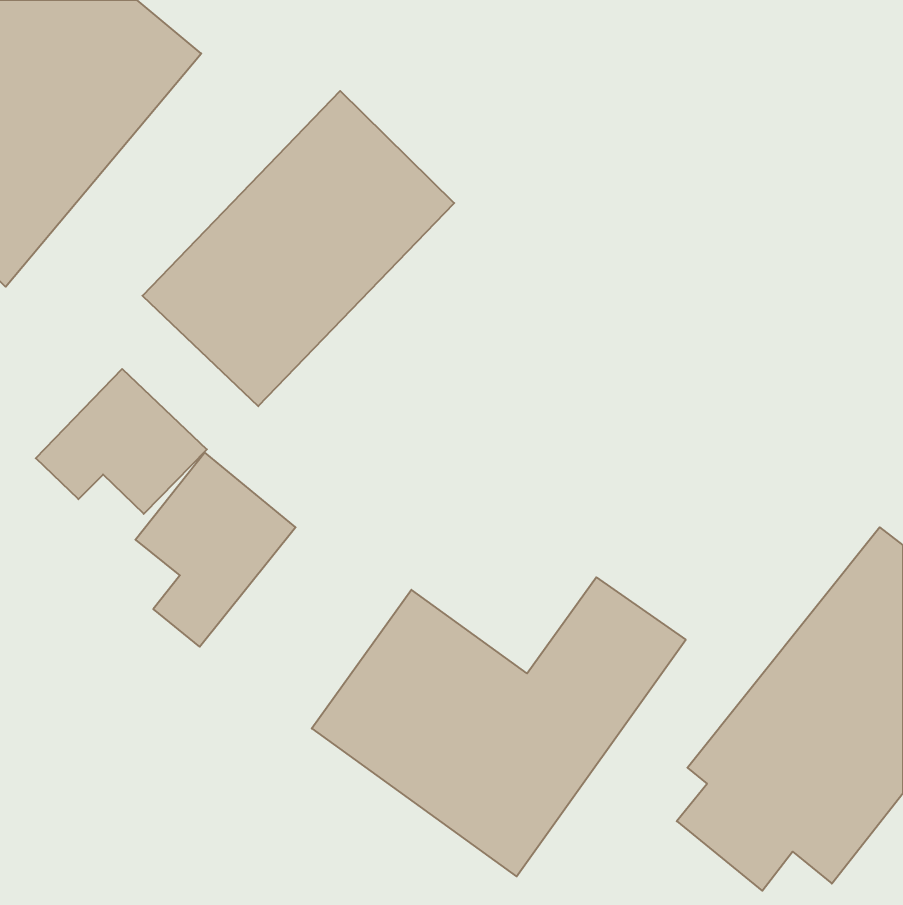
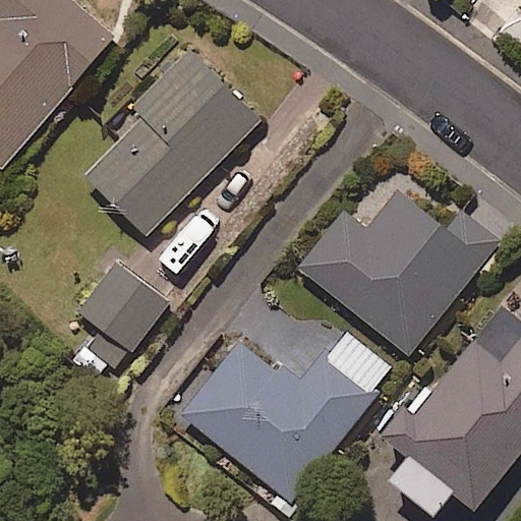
building: none -> [300,190,500,355]
building: [36,369,207,514] -> none

